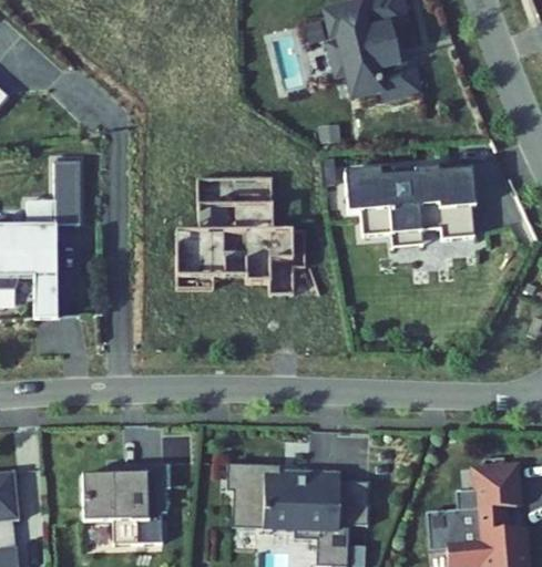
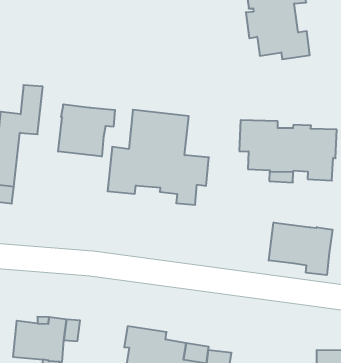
building: none -> [58,104,115,157]
building: none -> [269,222,333,275]

